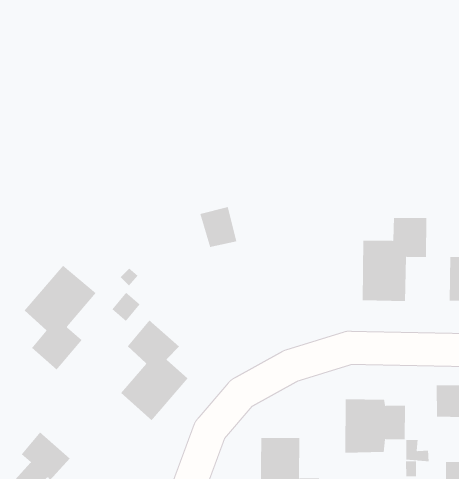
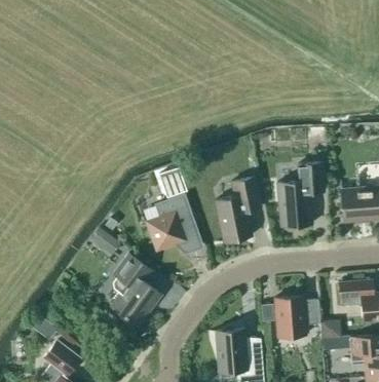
building: none -> [215,177,261,241]
building: none -> [148,196,201,252]
building: [24,265,96,370] -> none

